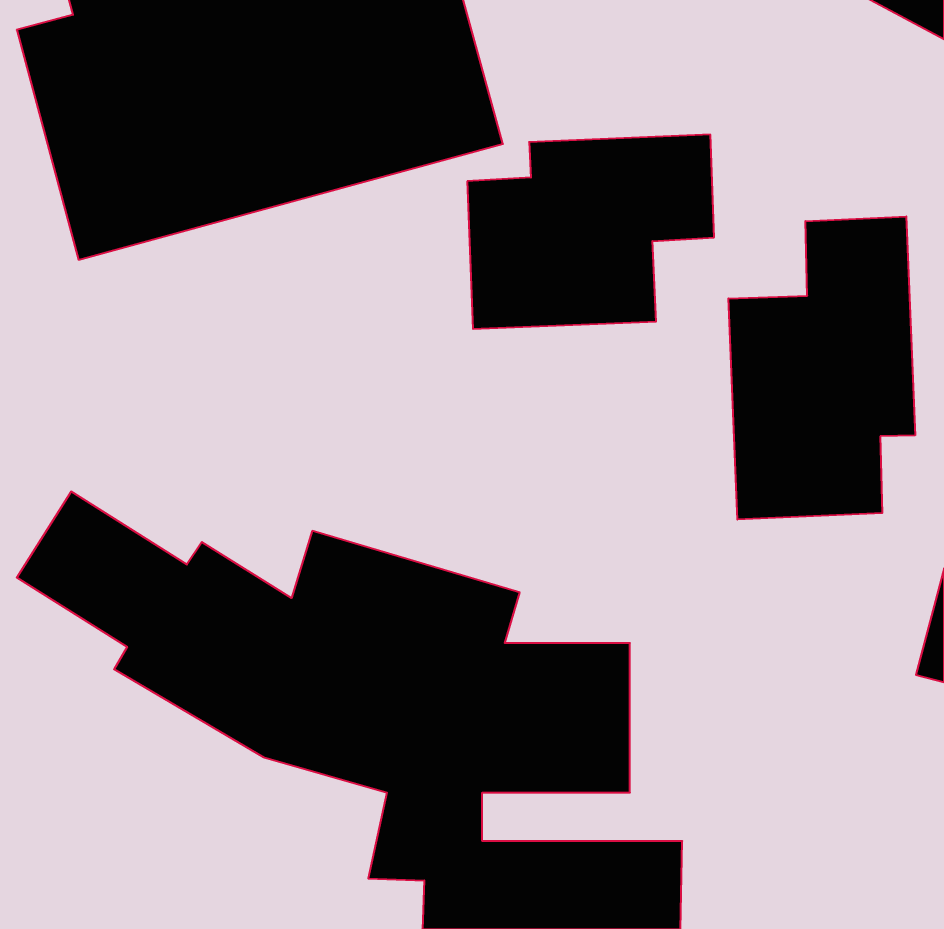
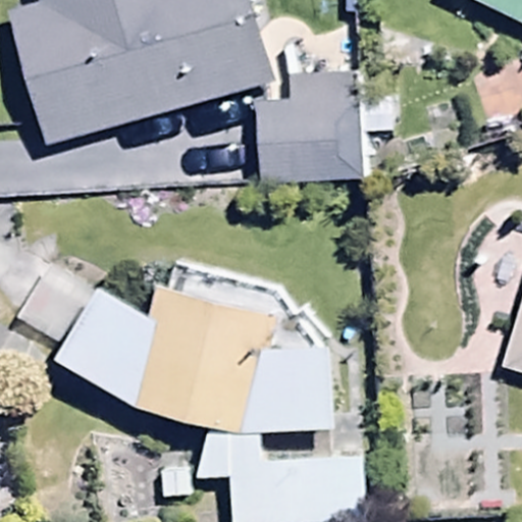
building: [728,216,915,520] -> none

